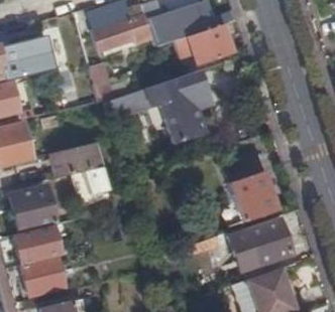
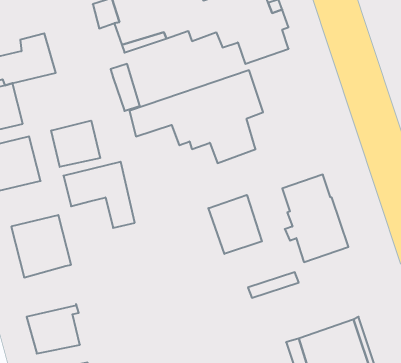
building: none -> [51,121,100,167]
building: none -> [208,195,262,254]
building: [244,218,292,267] -> none
building: [15,224,63,265] -> none

